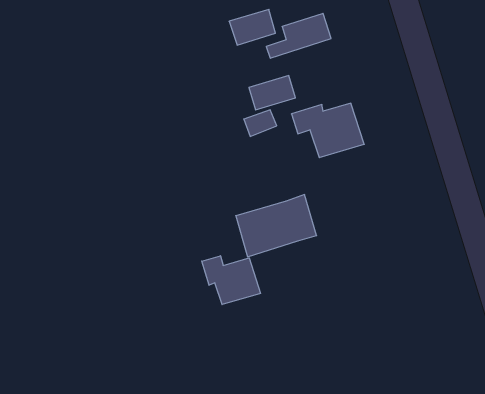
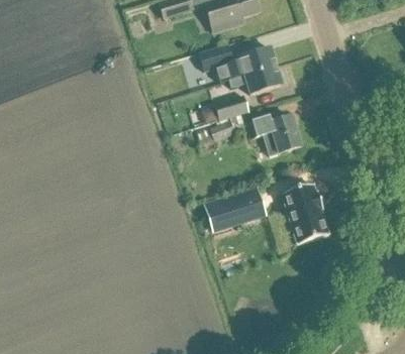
building: none -> [230,66,283,93]
building: none -> [282,184,329,244]
building: [202,256,261,305] -> none

